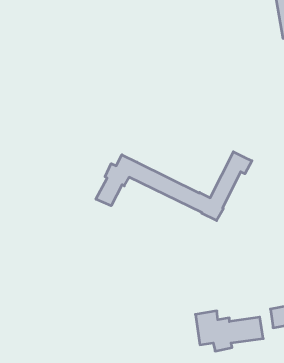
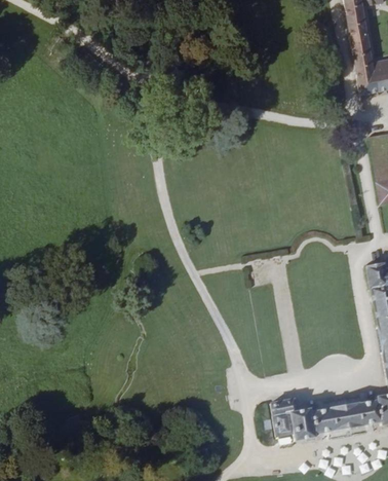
building: [96,152,252,221] -> none

